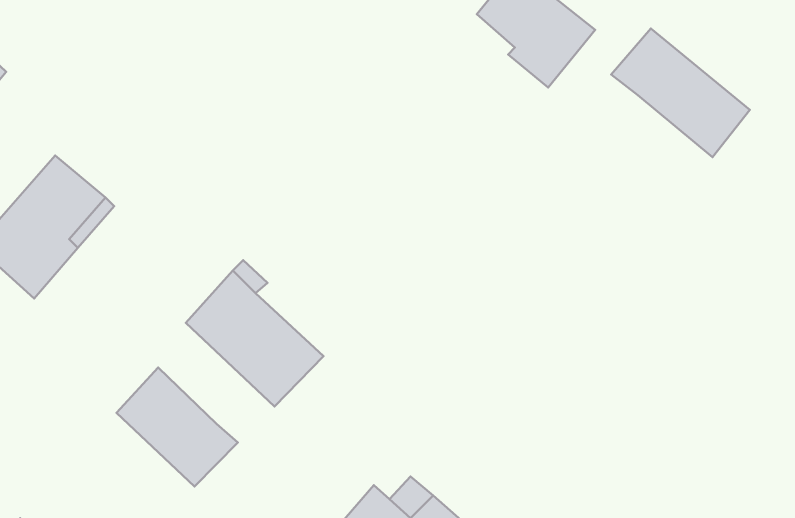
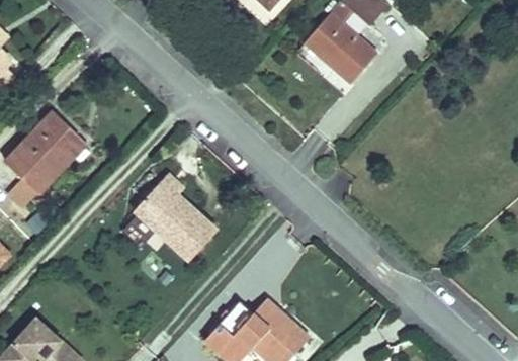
building: [611,29,750,157] -> none
building: [116,367,238,487] -> none

